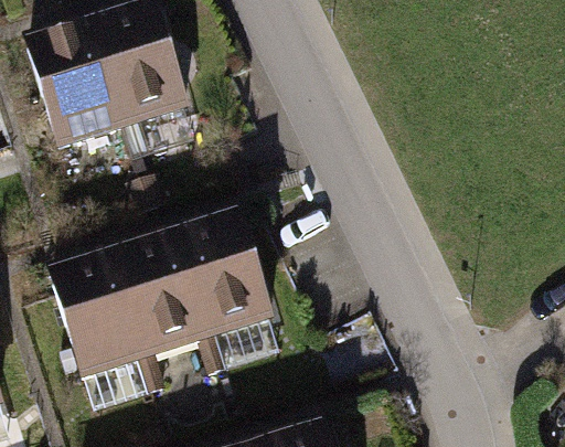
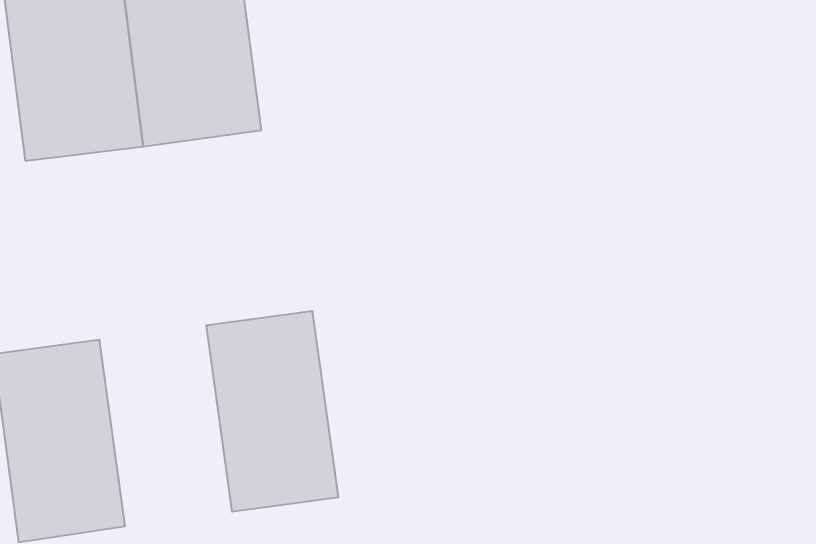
building: [122,259,216,384] -> none

